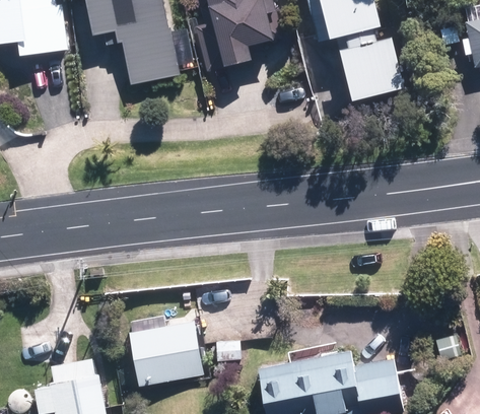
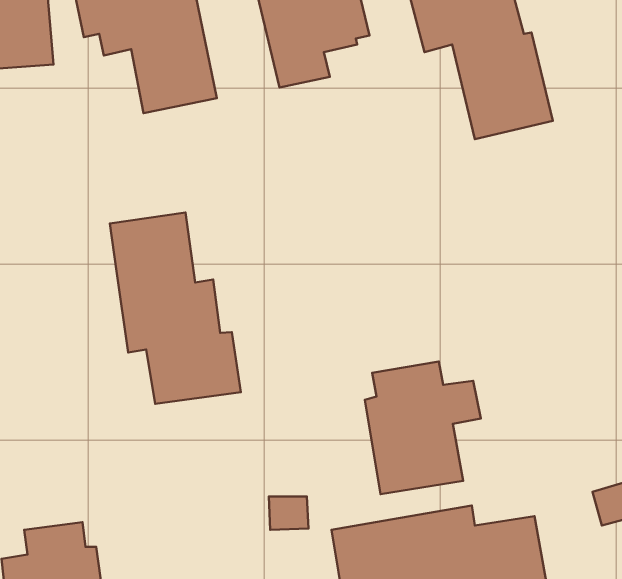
building: none -> [110,212,241,404]
building: none -> [365,361,481,494]
building: [128,309,204,388] -> none

